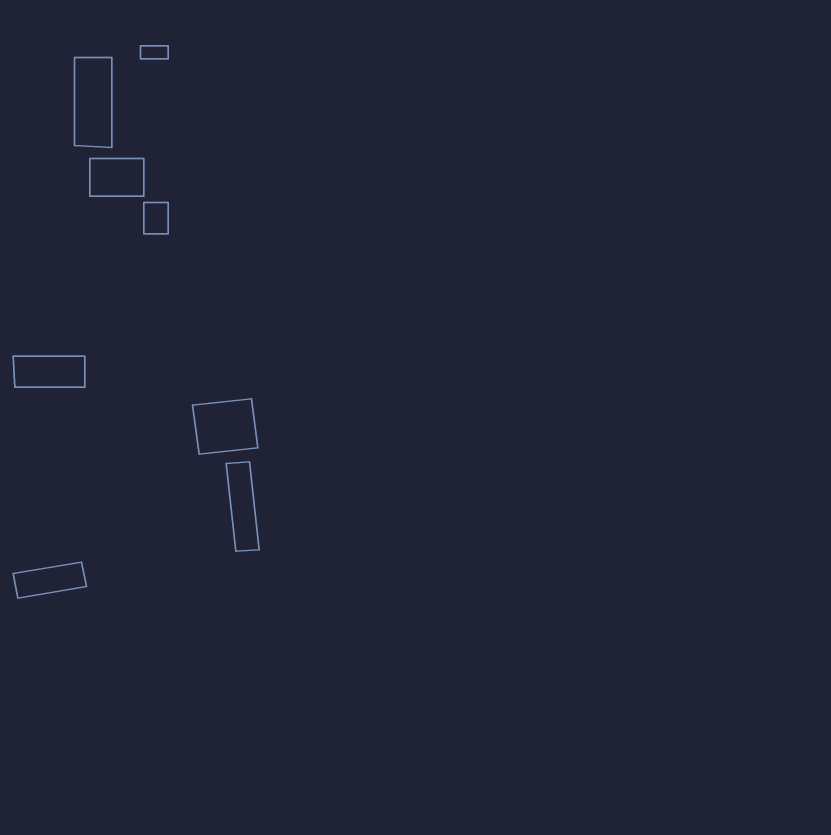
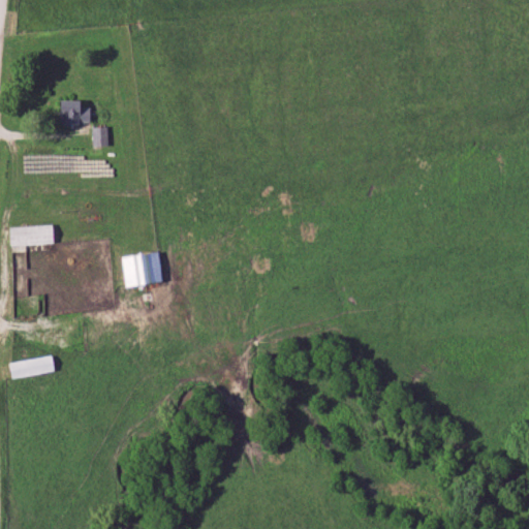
building: [75,58,112,147] -> none
building: [226,462,259,551] -> none

